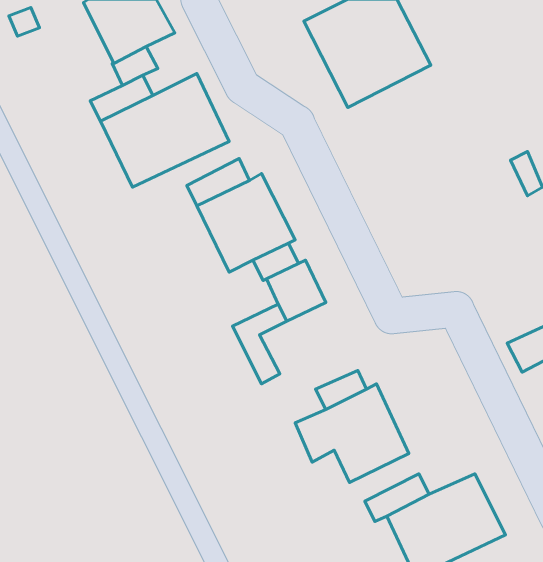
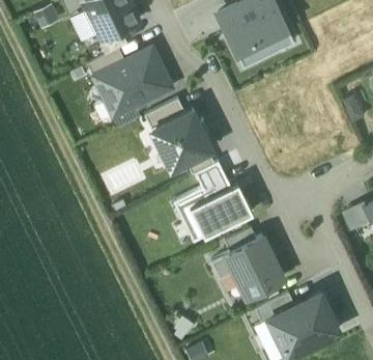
building: none -> [191,186,253,239]

